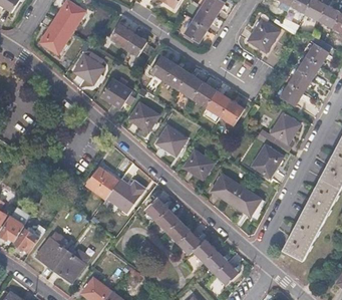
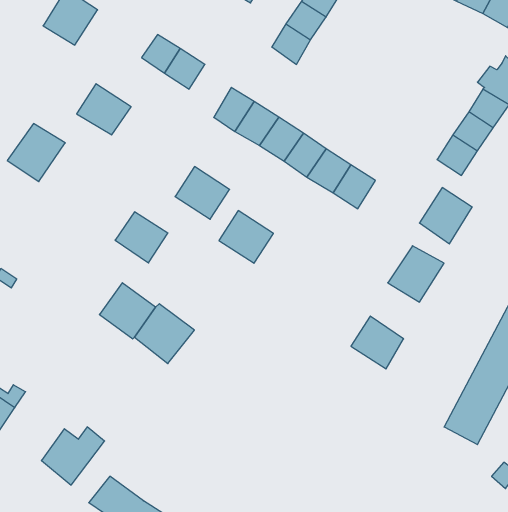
building: [248,19,279,52] -> none
building: [39,20,72,53] -> [7,124,65,182]
building: [101,77,131,106] -> [115,212,168,263]
building: [183,149,213,179] -> none
building: [211,174,241,203] -> none
building: [144,197,238,284] -> none
building: [36,232,66,268] -> none

